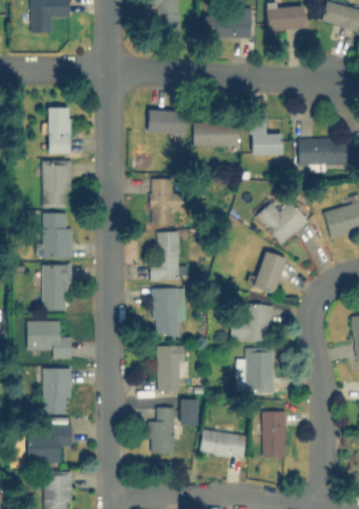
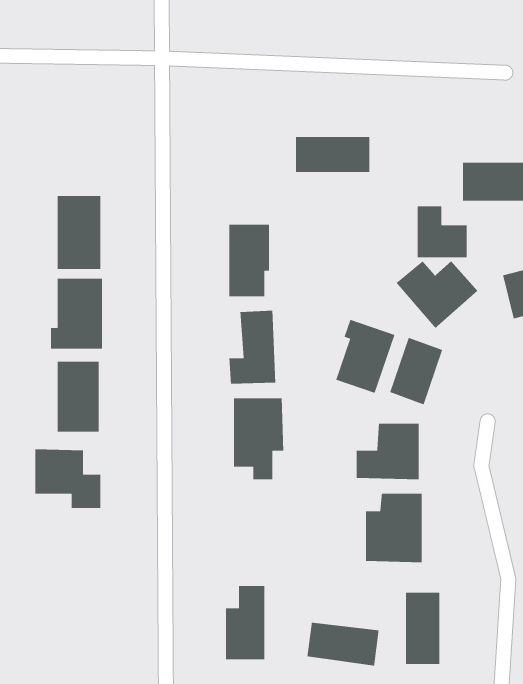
building: [47,108,69,153] -> none
building: [148,111,185,135] -> none
building: [251,123,284,156] -> [417,206,468,258]
building: none -> [335,319,395,394]
building: [158,346,188,392] -> none
building: [43,368,69,414] -> none
building: [180,400,198,427] -> none
building: [28,426,71,464] -> none

